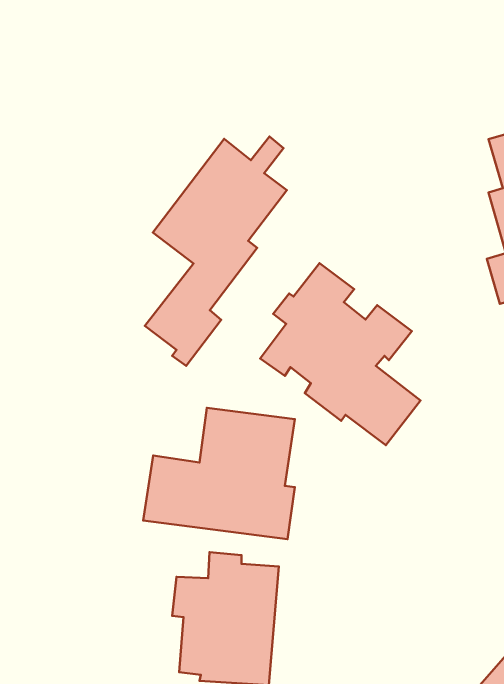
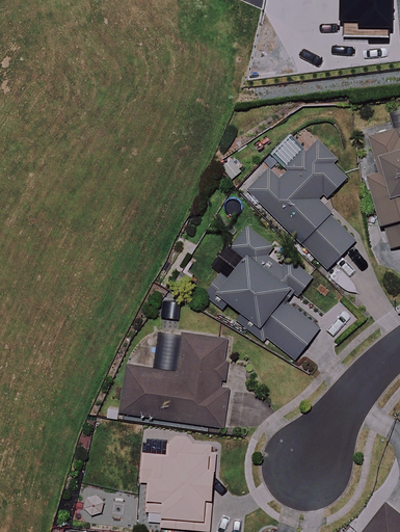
building: [145,136,287,366] -> none
building: none -> [247,140,357,268]

